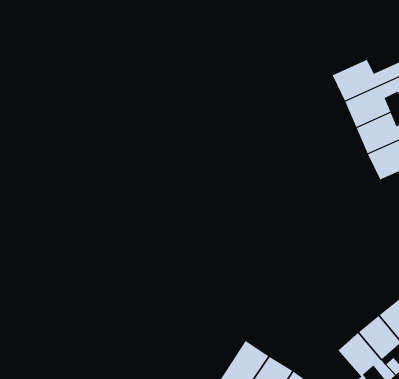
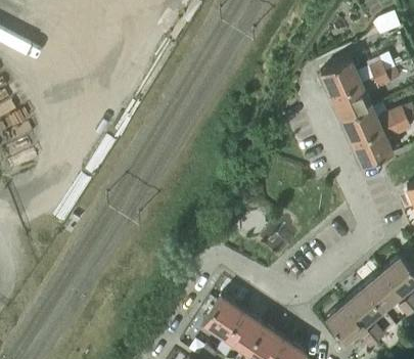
building: none -> [202,297,242,340]

